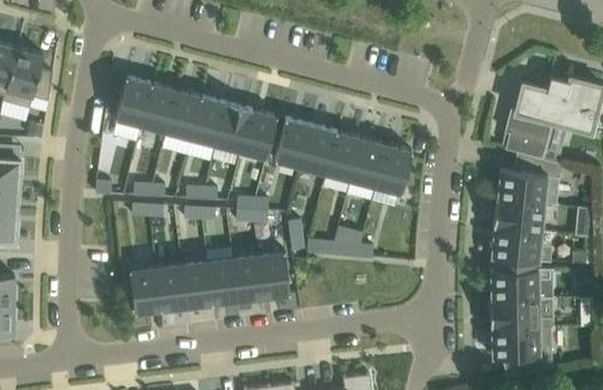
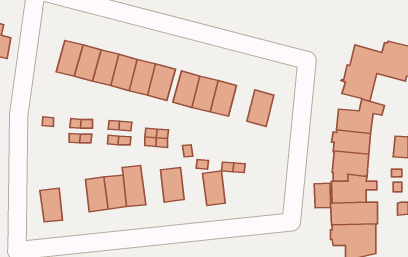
building: [350,139,385,188] -> none
building: [231,254,262,302] -> [202,171,225,206]
building: [128,268,159,314] -> [40,188,63,222]
building: none -> [314,183,331,208]

